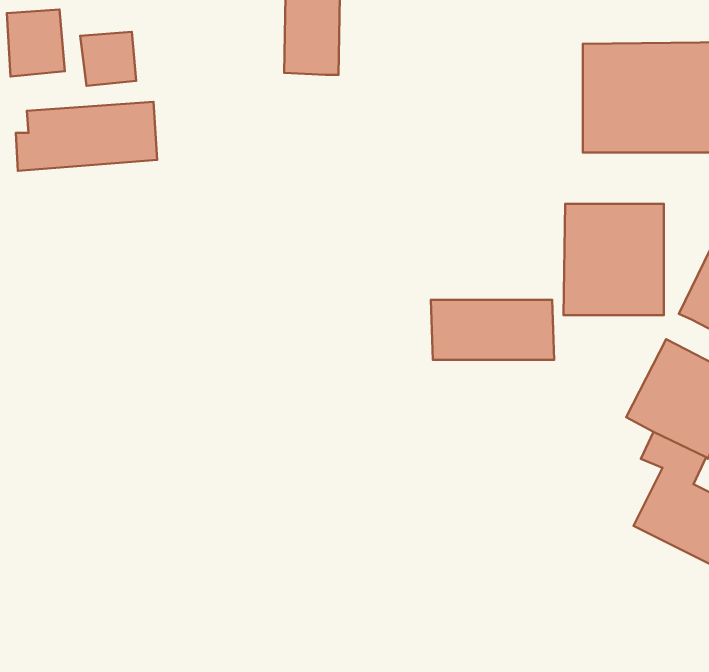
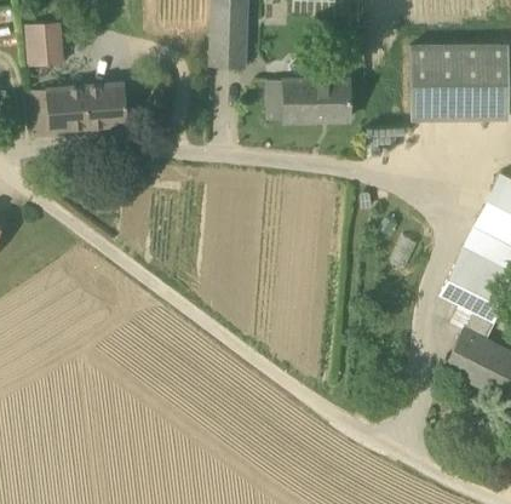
building: [80,32,136,86] -> none
building: [564,204,664,315] -> none
building: [431,300,554,360] -> [268,79,350,119]

